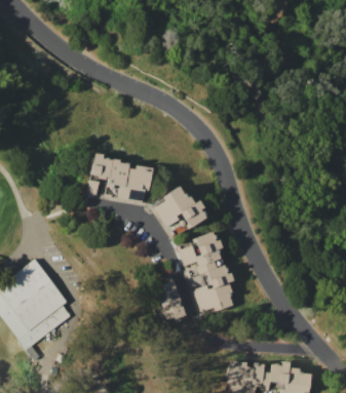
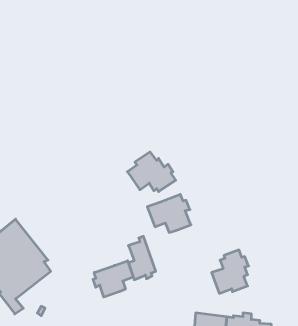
building: [88,153,152,203] -> none
building: [194,265,234,312] -> [212,250,249,293]
building: none -> [93,261,133,297]

